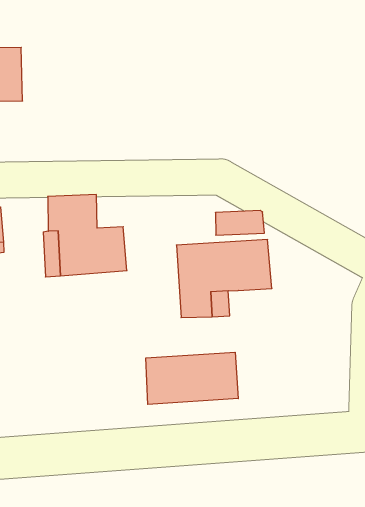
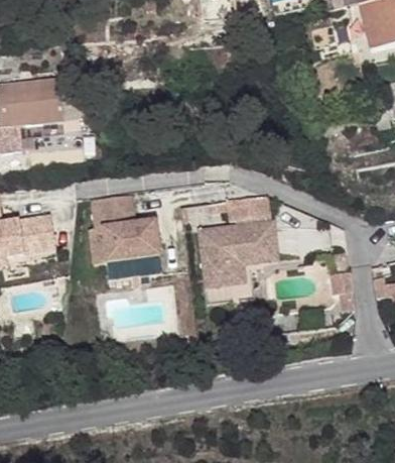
building: [146,352,238,404] -> none

